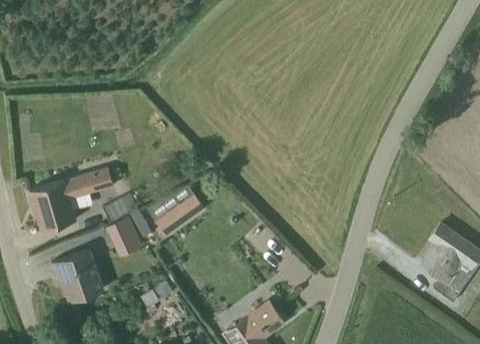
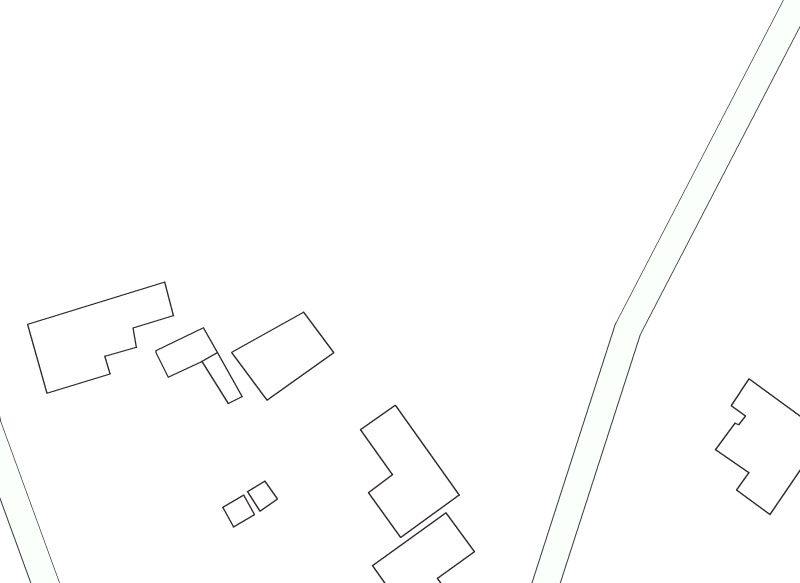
building: [106,216,143,256] -> none
building: none -> [361,405,459,537]
building: [52,250,104,301] -> none

